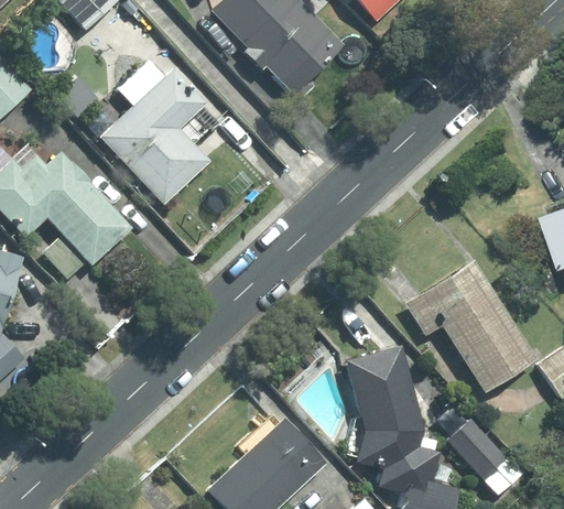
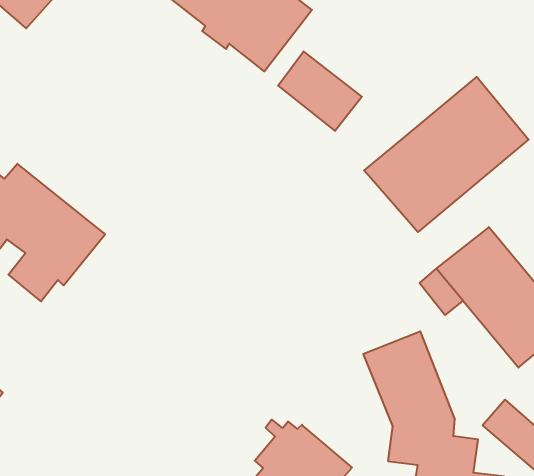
building: [83,61,207,207] -> none
building: none -> [278,51,362,131]
building: none -> [364,77,529,232]

